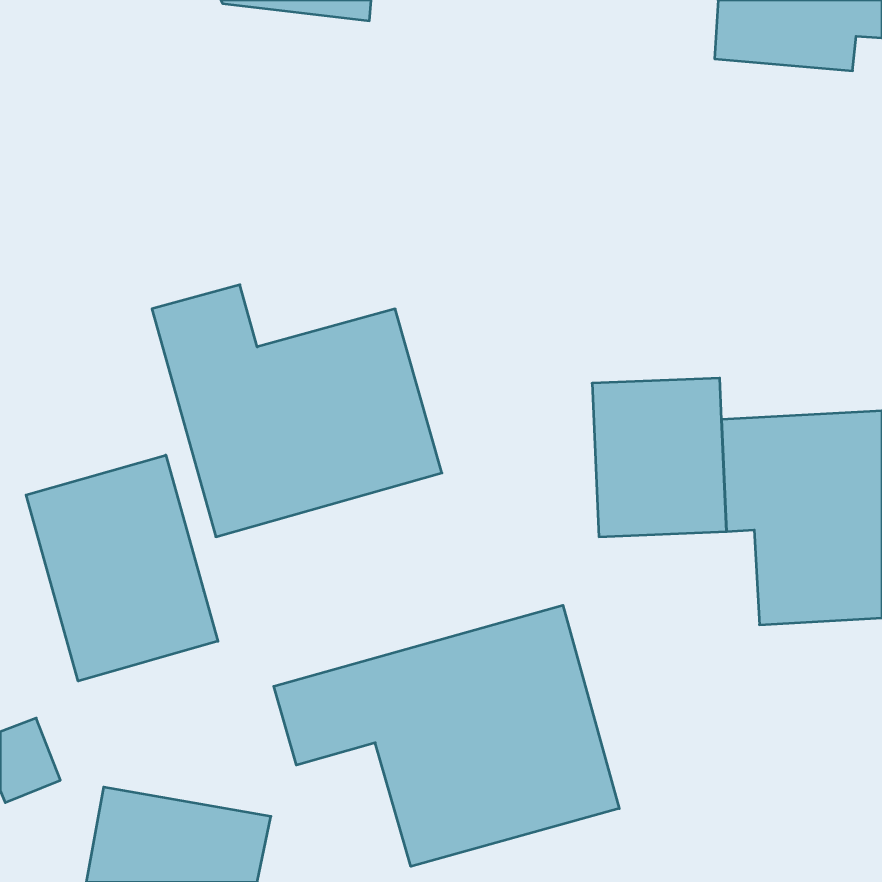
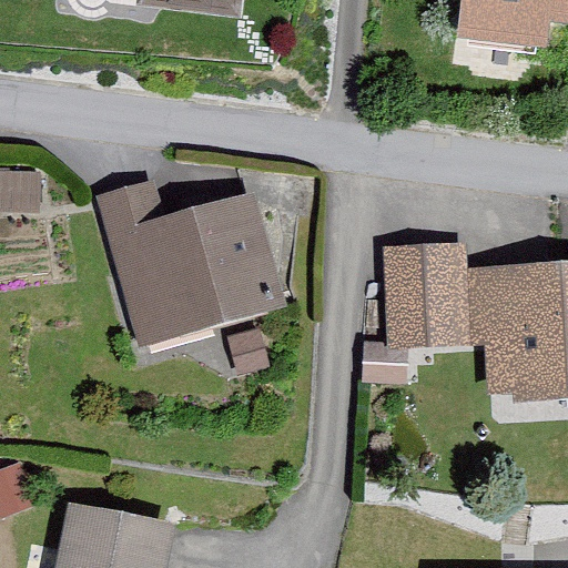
building: [26,455,218,681] -> none
building: [274,605,619,866] -> none

